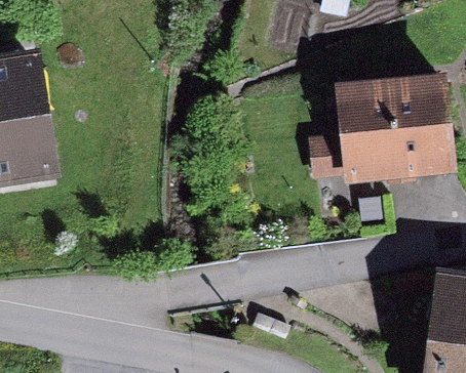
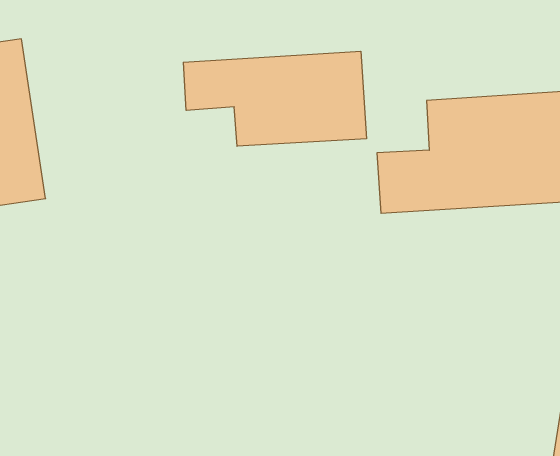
building: none -> [183,51,366,146]

